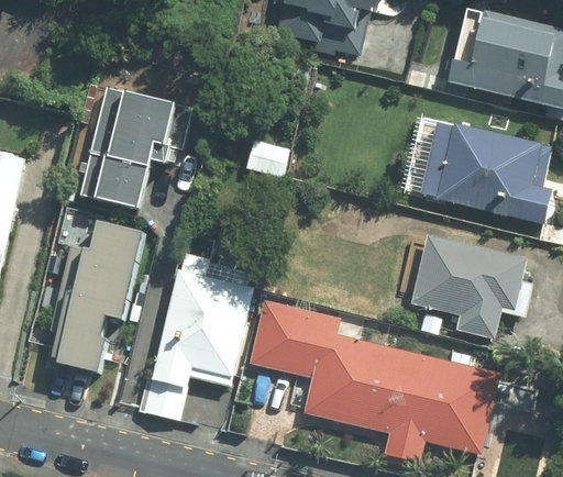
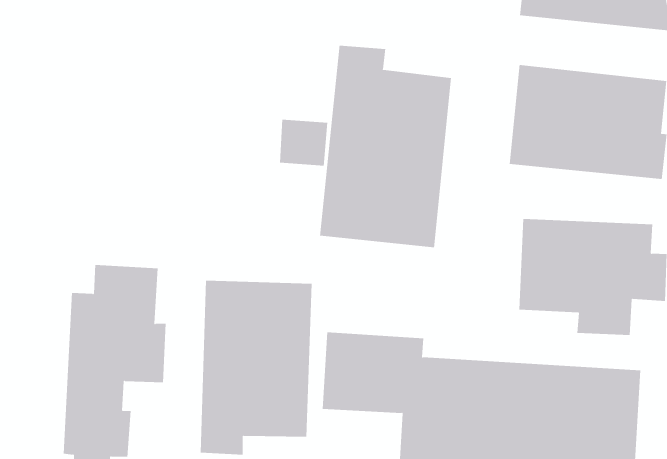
building: none -> [320,45,451,248]
building: [81,88,190,209] -> none

